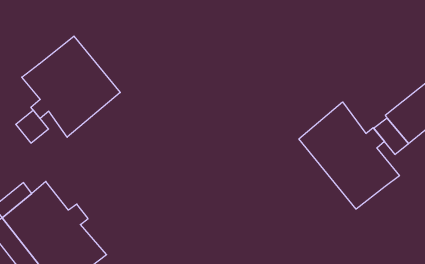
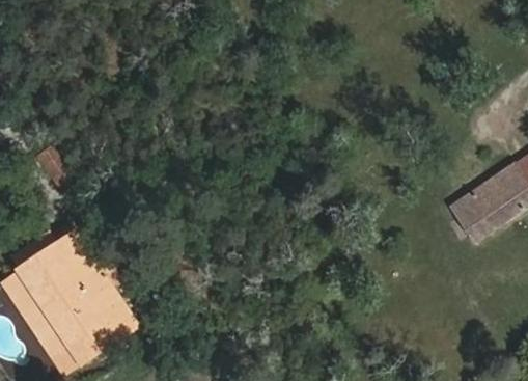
building: [22,36,120,137] -> none
building: [299,102,399,209] -> none

